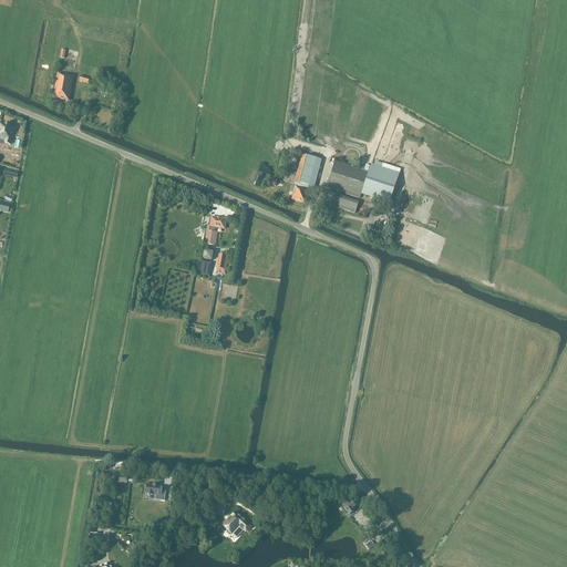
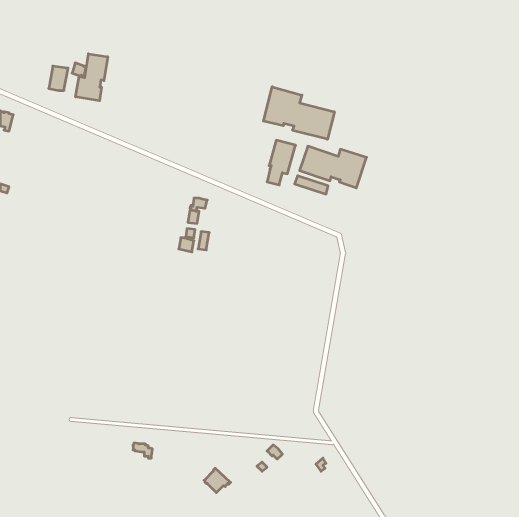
building: none -> [76,54,108,101]
building: none -> [263,87,334,139]

